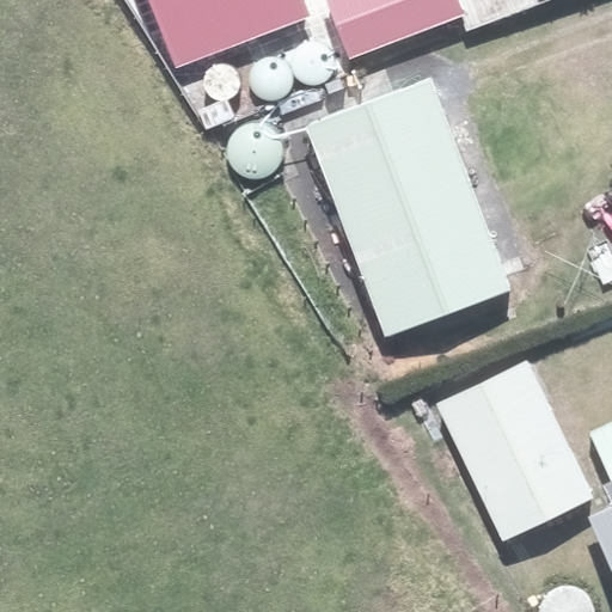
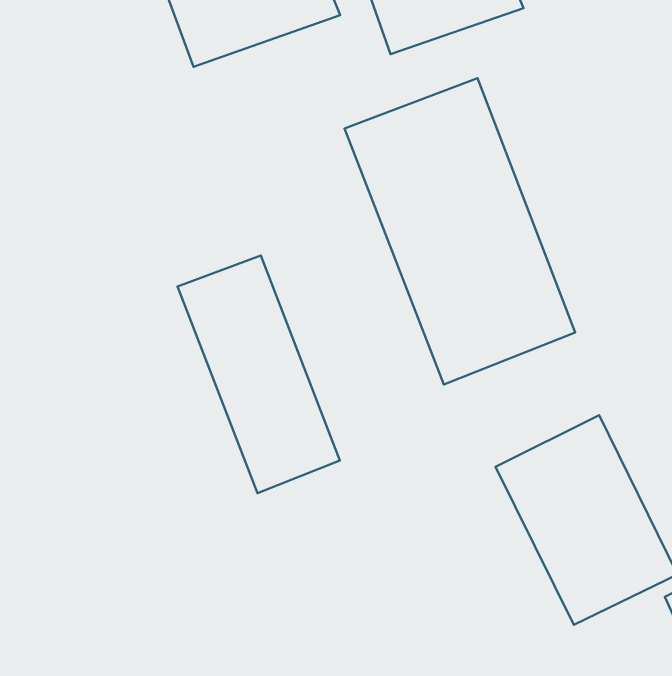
building: none -> [178,255,340,493]

